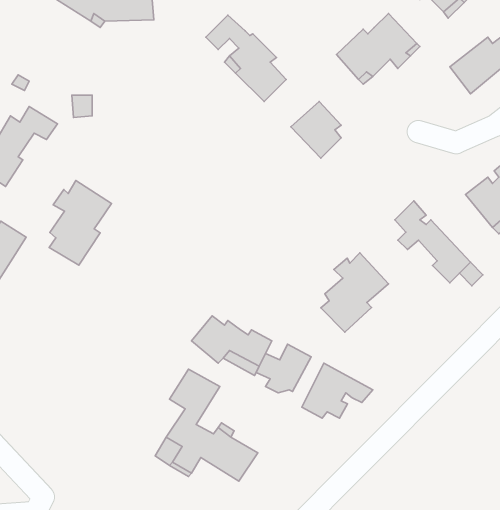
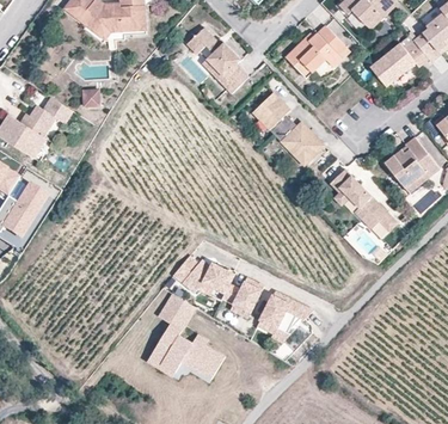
building: none -> [272,119,321,164]
building: [49,180,112,265] -> none
building: [321,253,388,332] -> none

